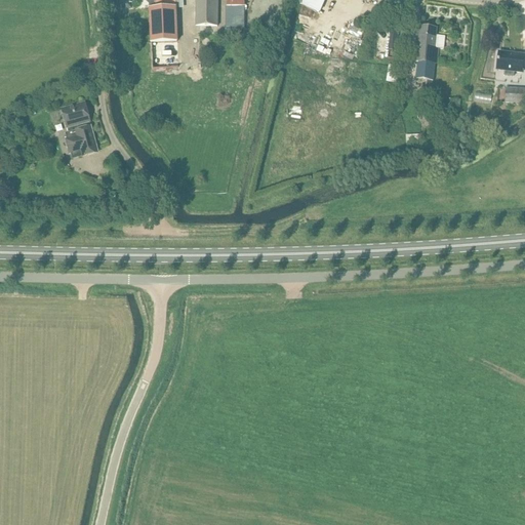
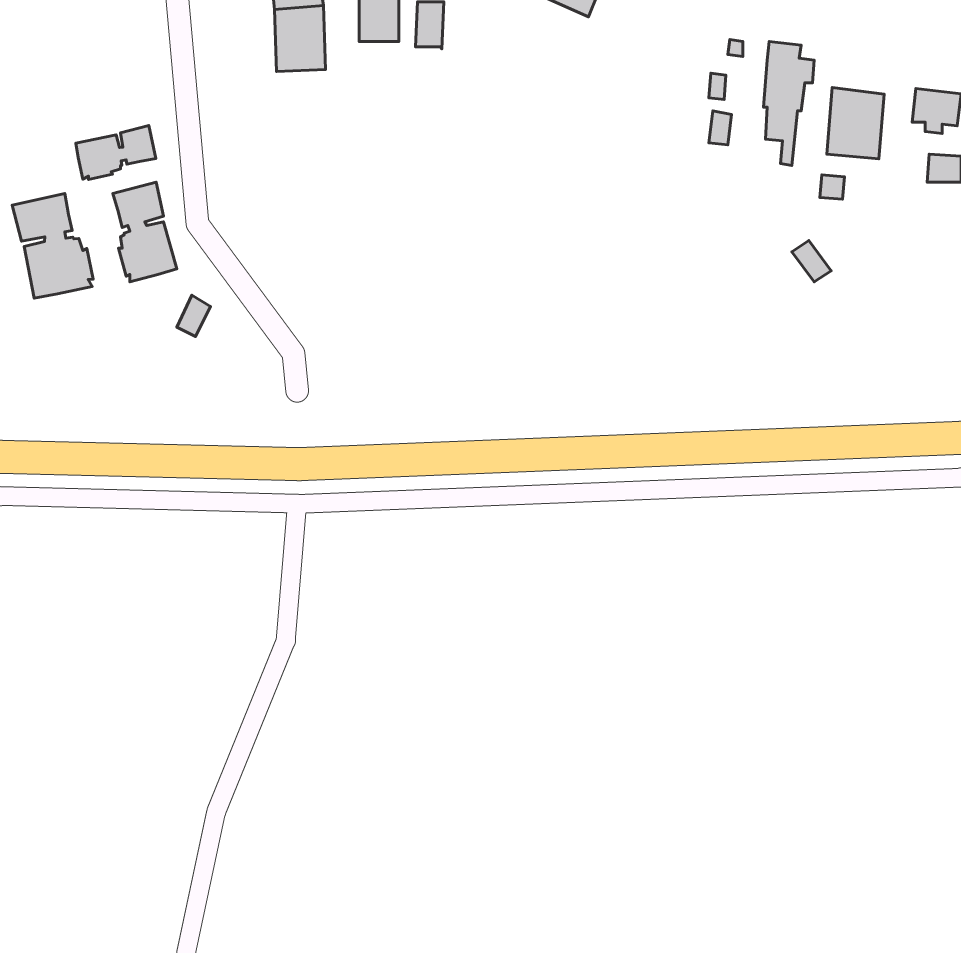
building: none -> [827,87,884,159]
building: none -> [76,126,156,179]
building: none -> [12,194,93,298]

